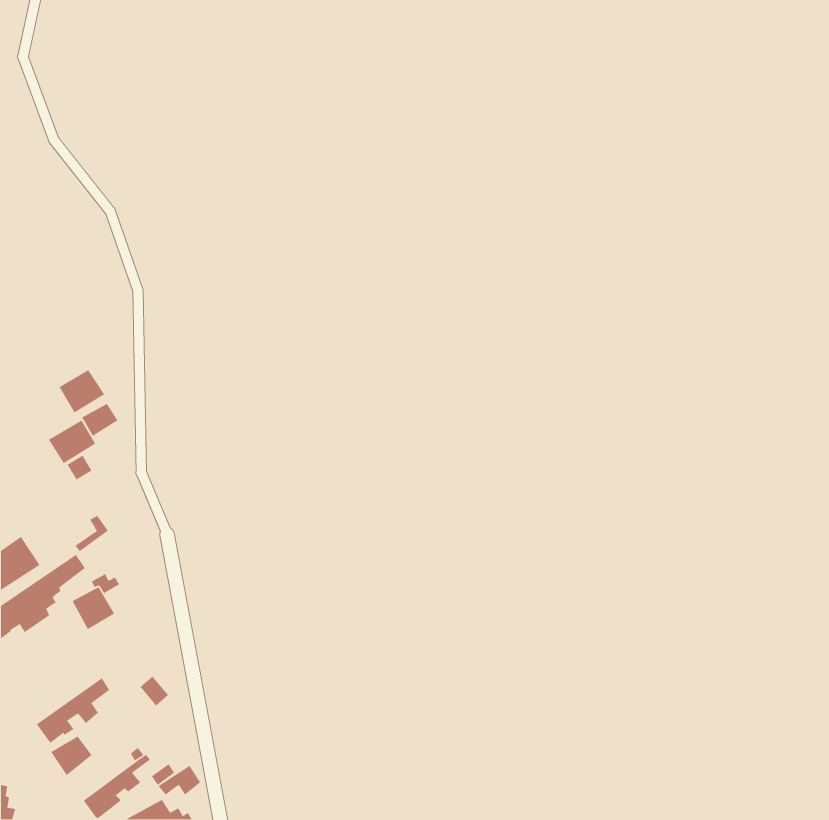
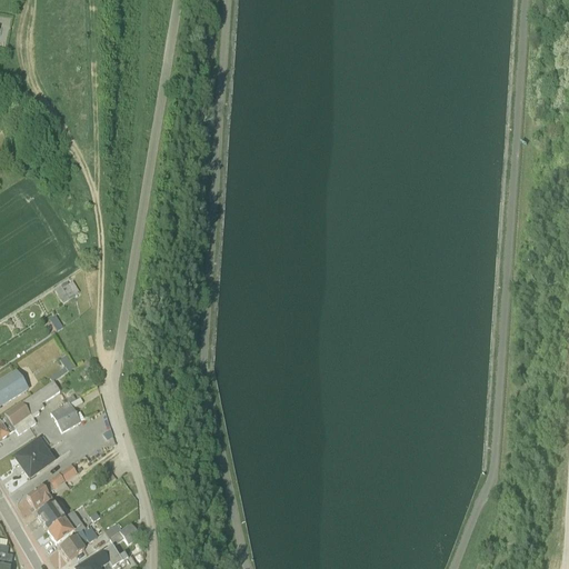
building: [58,369,105,413] -> none
building: [48,420,96,464] -> none
building: none -> [11,436,54,479]
building: none -> [46,511,83,543]

